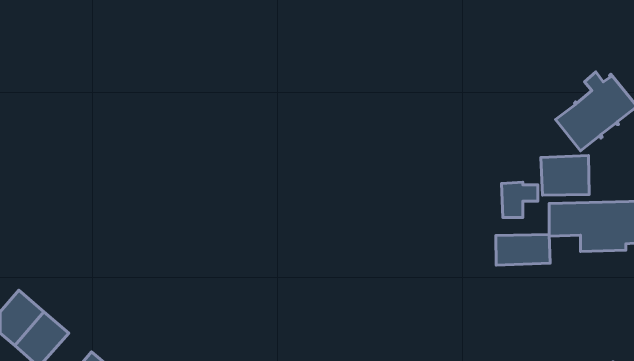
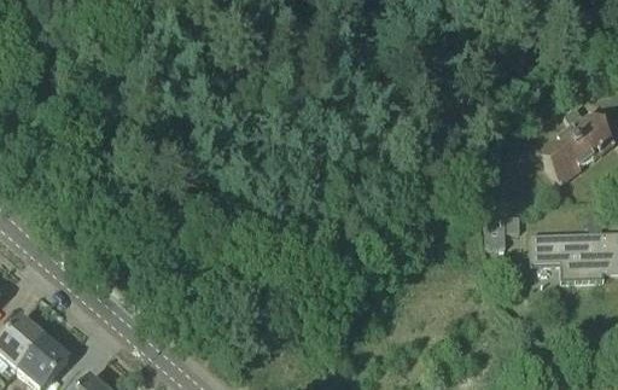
building: [541,156,589,195] -> none
building: [496,234,550,265] -> none

